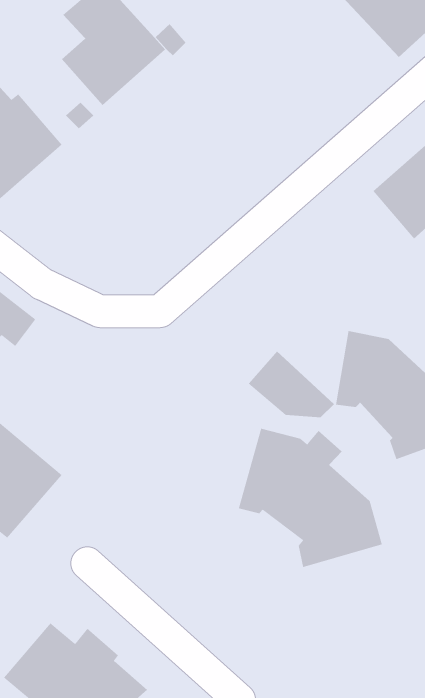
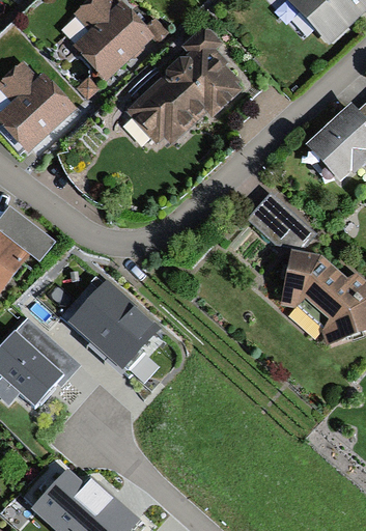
building: none -> [125,29,248,144]
building: [248,350,335,418] -> [249,193,314,244]
building: none -> [69,278,161,369]
building: [238,428,383,568] -> none

